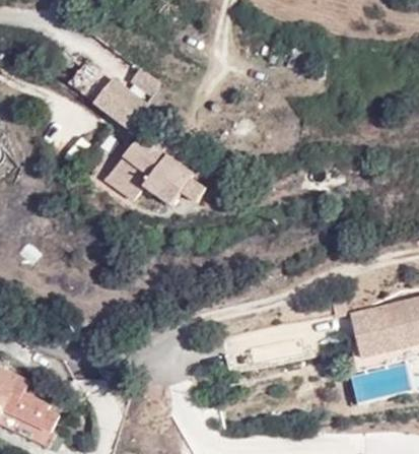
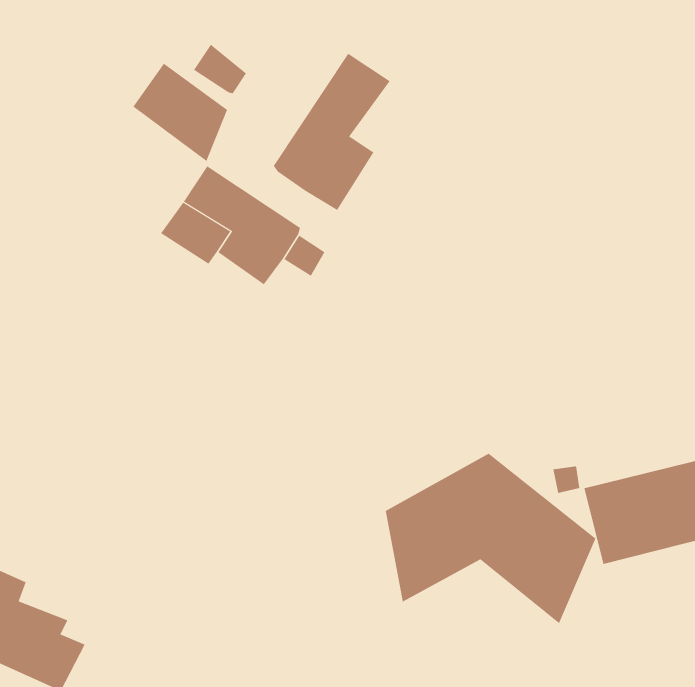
building: none -> [273,53,390,211]
building: none -> [385,453,596,624]

